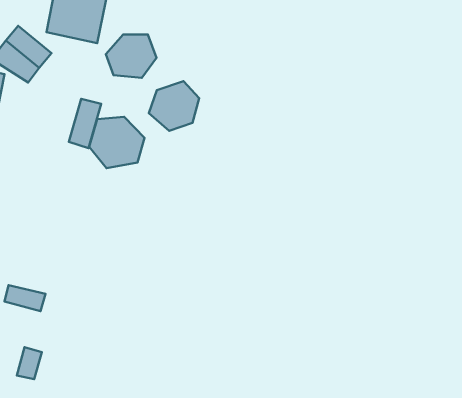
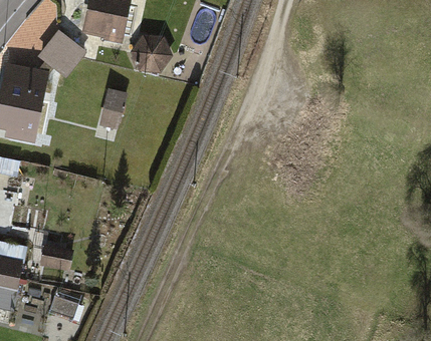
building: [149,81,199,131] -> none
building: [89,117,145,168] -> none

